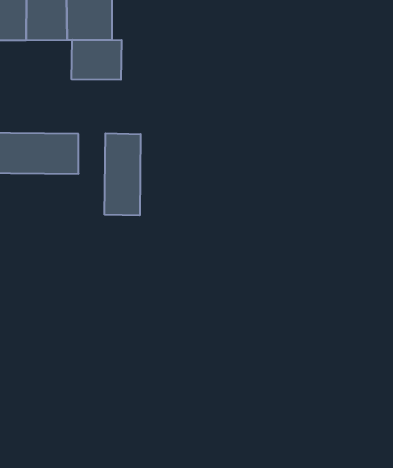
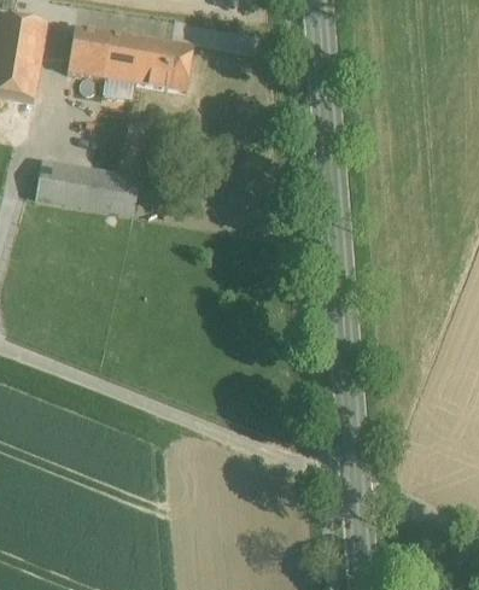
building: [72,40,122,80] -> none
building: [105,133,141,215] -> none

